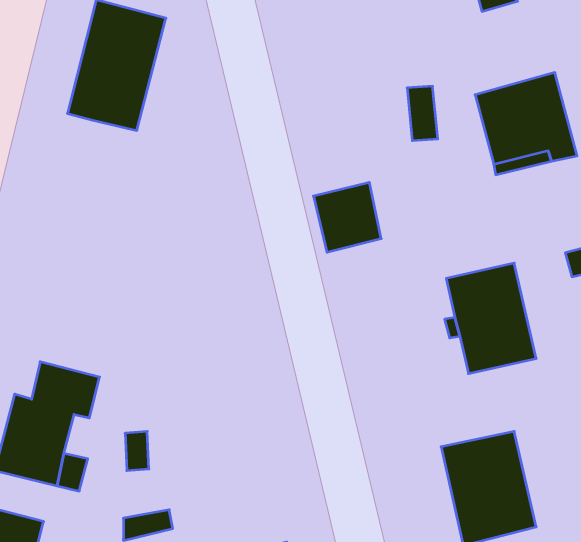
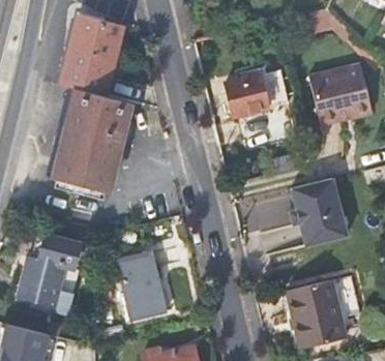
building: none -> [54,89,129,193]
building: [313,182,381,252] -> [226,73,267,116]
building: none -> [117,251,167,321]

